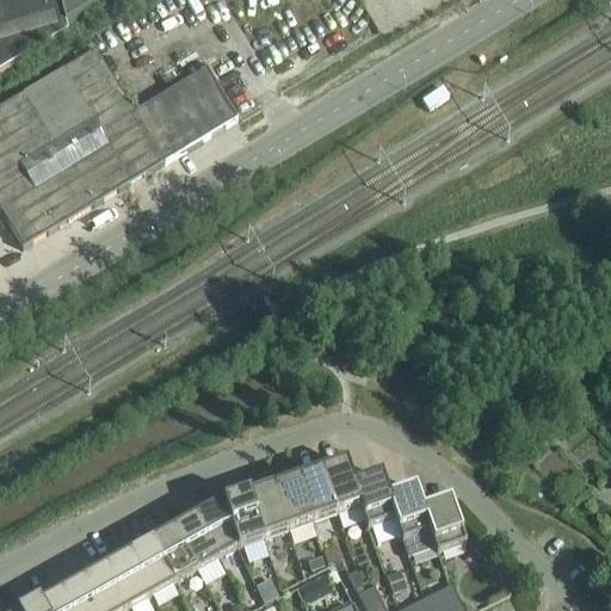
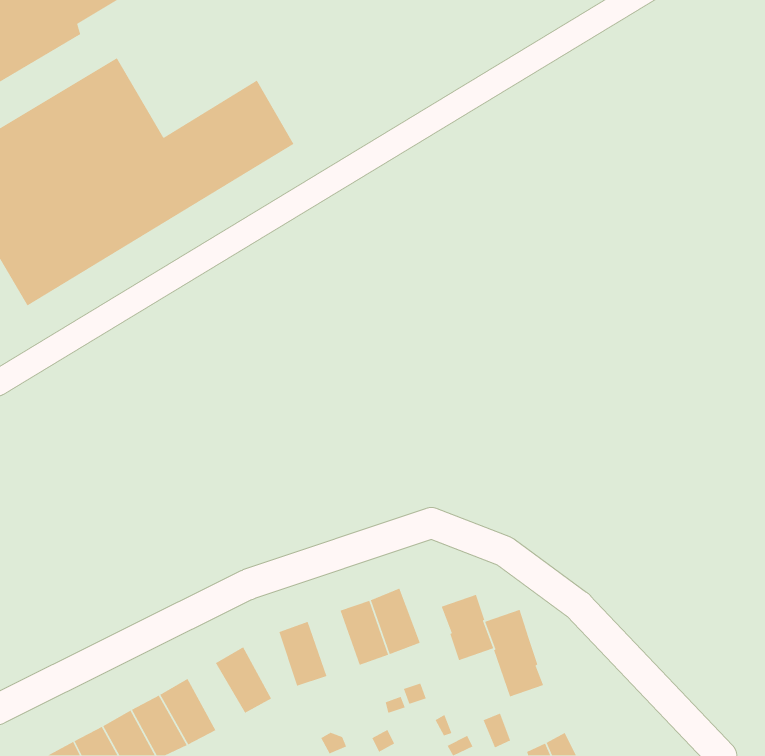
building: [317,458,358,511] -> none
building: [245,485,285,537] -> none
building: [420,496,463,550] -> none
building: [193,499,235,555] -> none
building: [149,526,195,580] -> none

